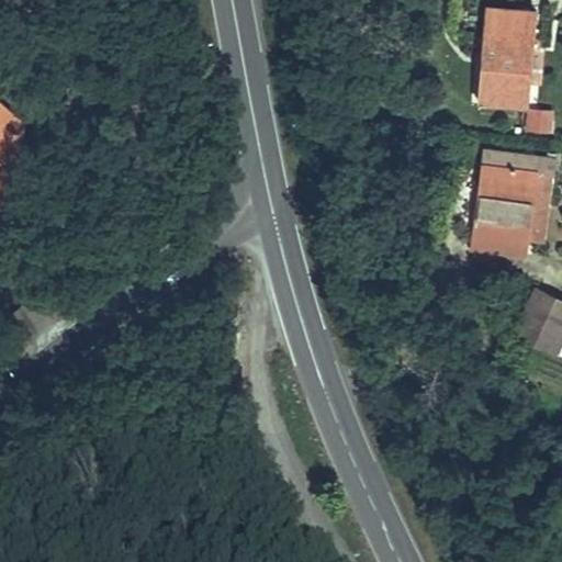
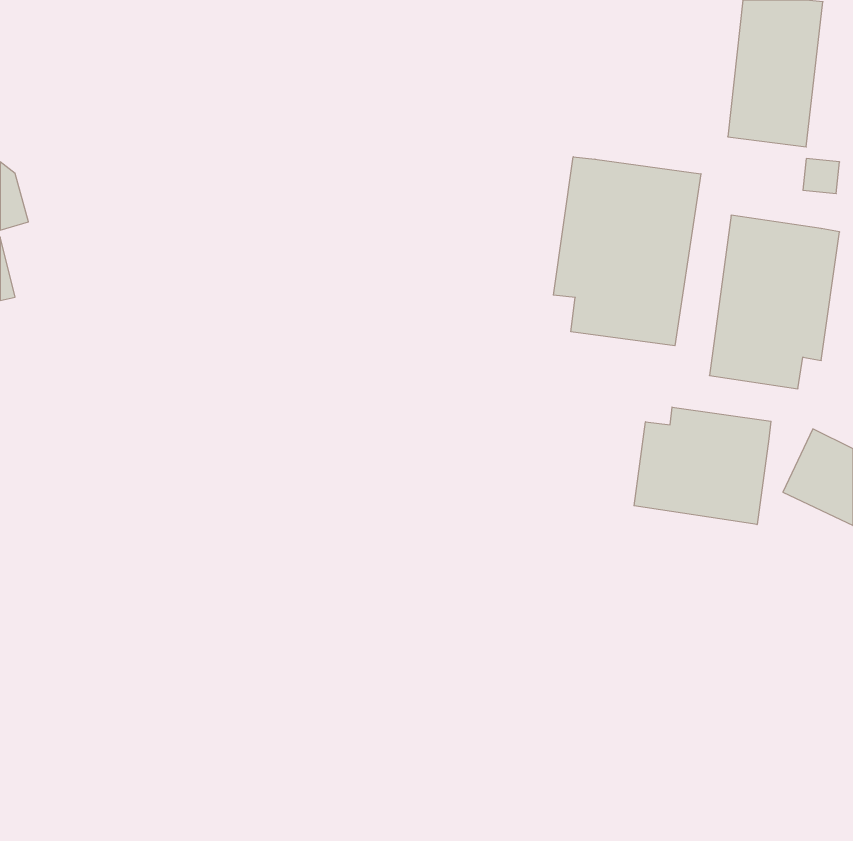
building: none -> [553,157,701,346]
building: none -> [634,407,771,525]

